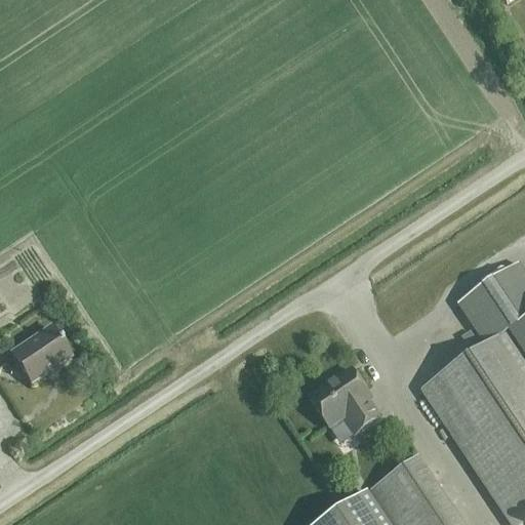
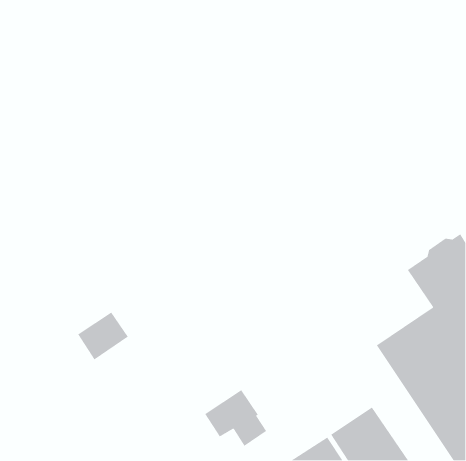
building: [12,327,71,382] -> [77,311,129,361]
building: [310,369,380,434] -> [204,389,267,447]

